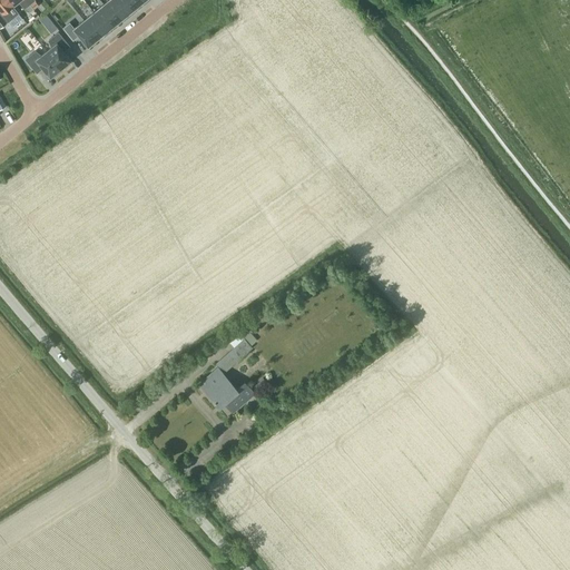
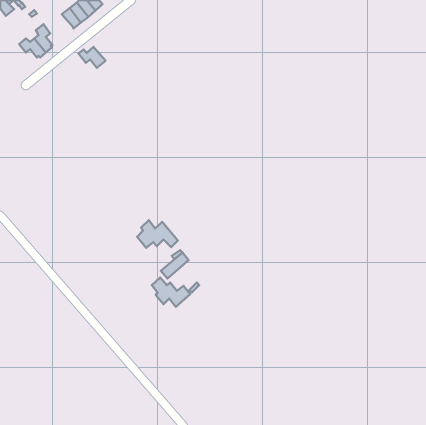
building: [62,20,98,48] -> [78,47,105,68]
building: none -> [137,220,178,248]

